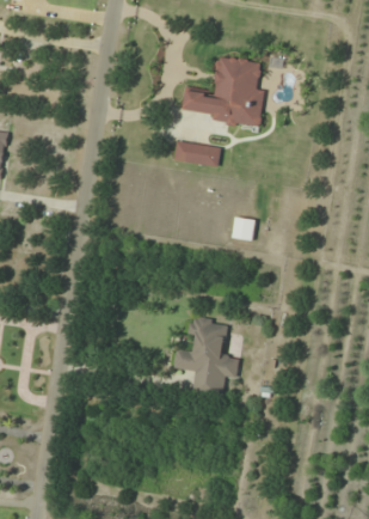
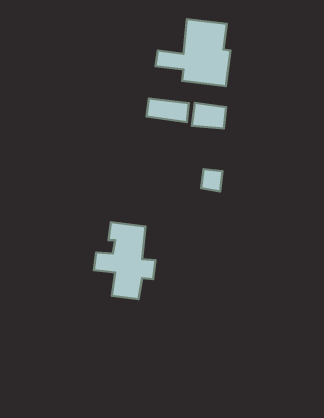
building: none -> [192,103,226,129]
building: [172,317,238,399] -> [94,222,155,299]

